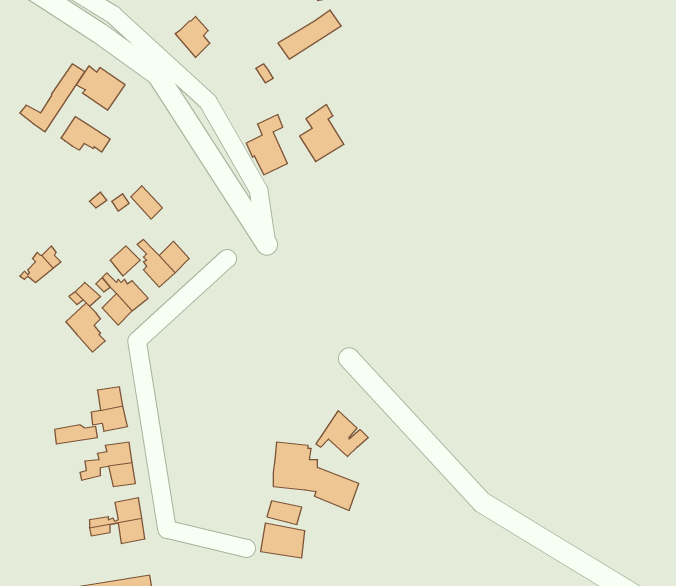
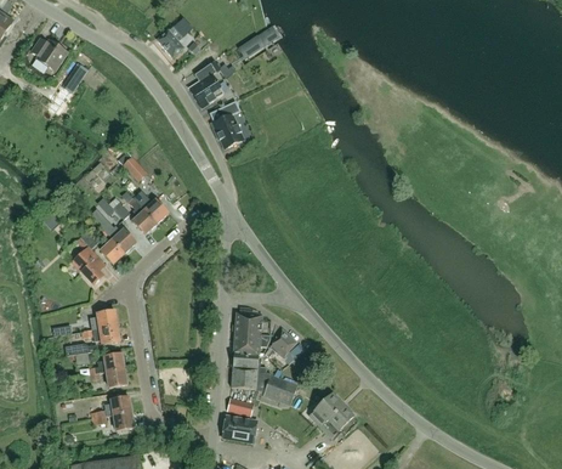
building: [76,66,125,110] -> [30,36,68,70]
building: [300,105,344,162] -> [189,63,223,107]
building: [61,117,110,152] -> none
building: none -> [234,312,271,355]
building: none -> [308,392,357,436]

